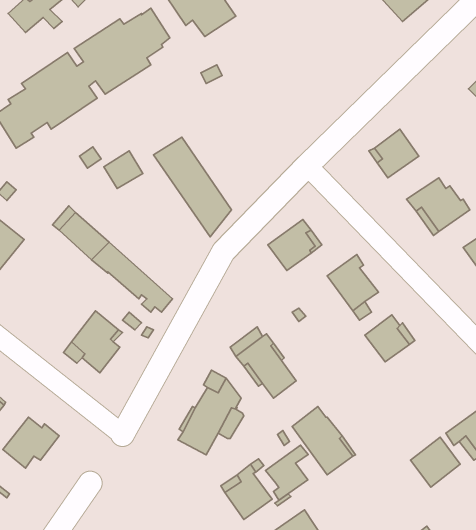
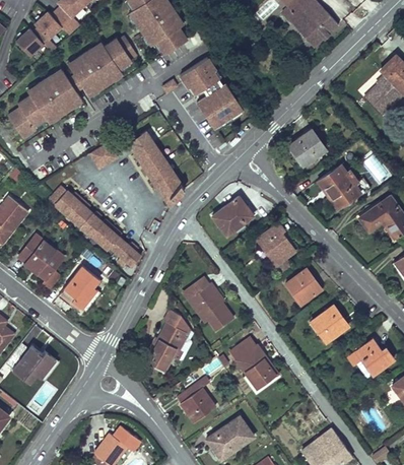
building: none -> [180,60,245,133]
building: none -> [18,235,64,279]
building: [410,437,460,487] -> [311,305,348,342]
building: [265,445,308,500] -> none

